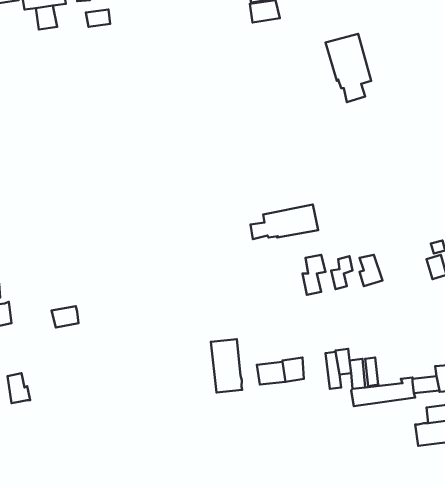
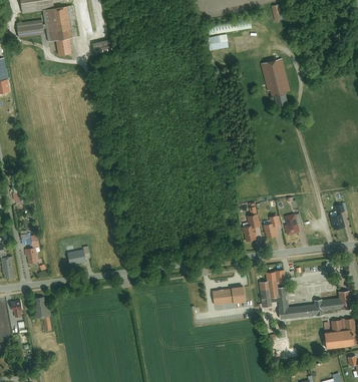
building: [251,205,318,239] -> none
building: [211,339,242,392] -> none

